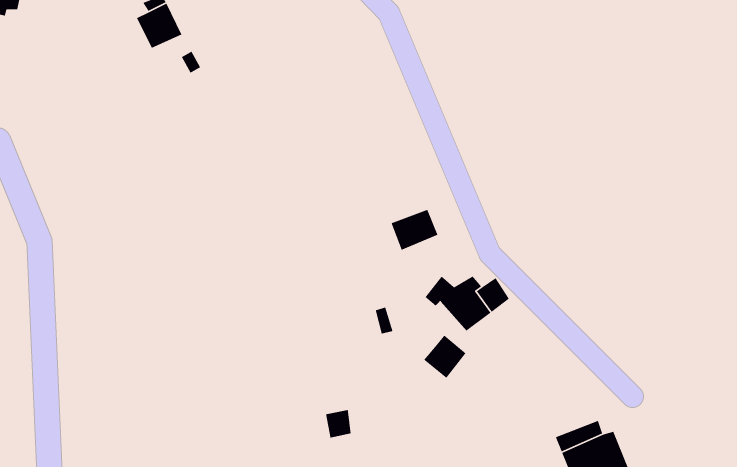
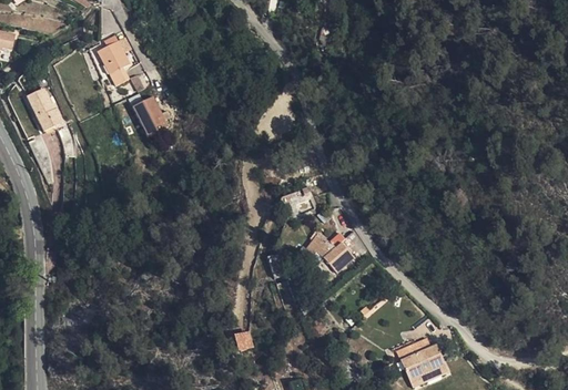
building: none -> [24,89,60,131]
building: none -> [131,93,170,136]
building: [423,334,466,379] -> none

